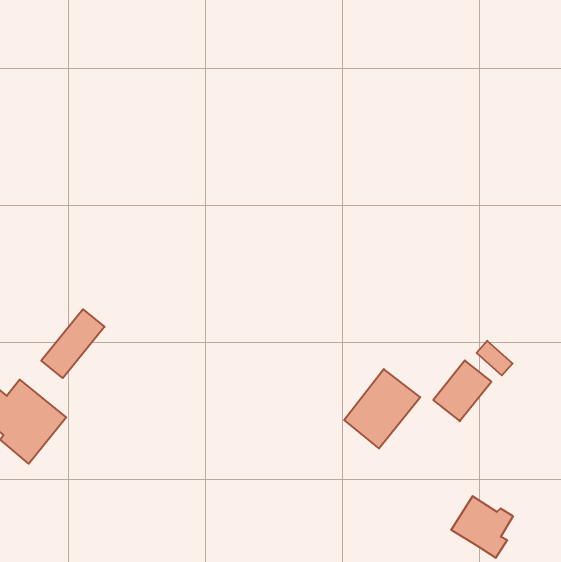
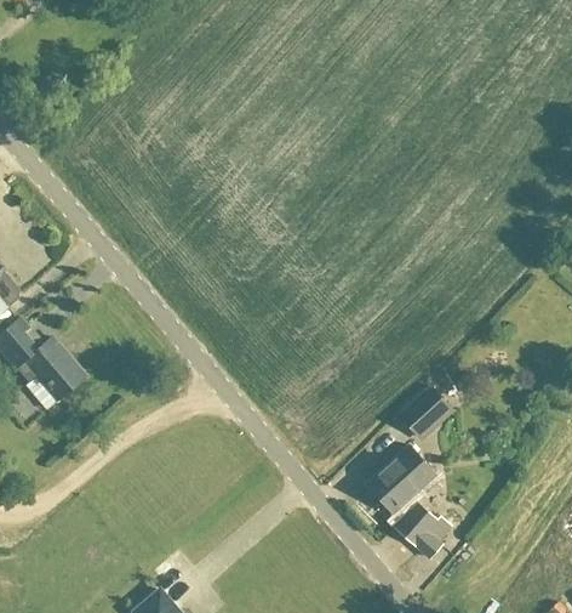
building: [41,309,105,378] -> none
building: [344,369,420,448] -> [368,447,436,513]

